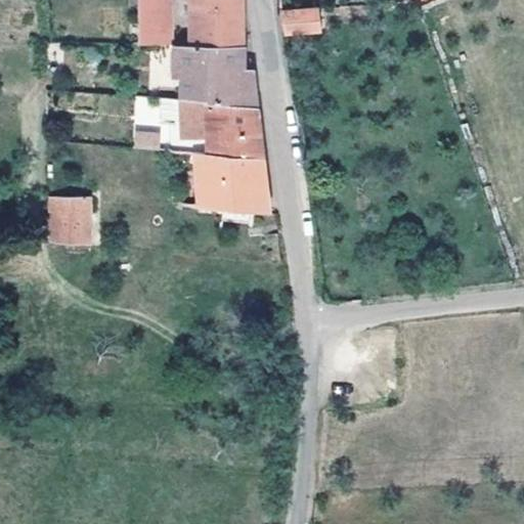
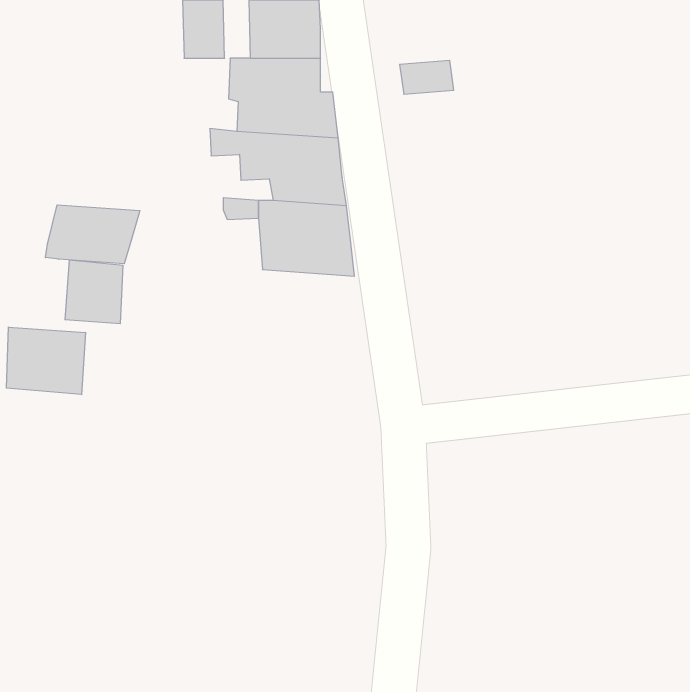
building: [281,8,322,34] -> [400,60,454,94]
building: none -> [45,205,140,264]
building: none -> [7,327,86,395]

